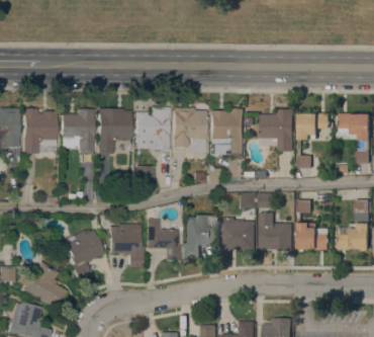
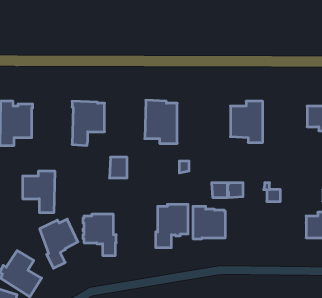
building: [134,107,170,150] -> none
building: [208,108,244,159] -> none
building: [61,109,94,152] -> [23,171,55,212]
building: [297,111,329,167] -> none
building: [259,212,292,249] -> none
building: [147,220,180,260] -> none
building: [296,223,329,251] -> none

